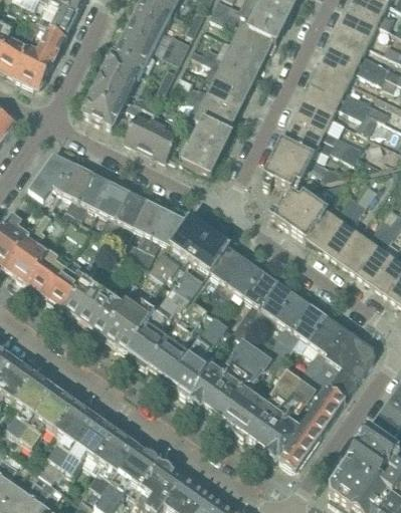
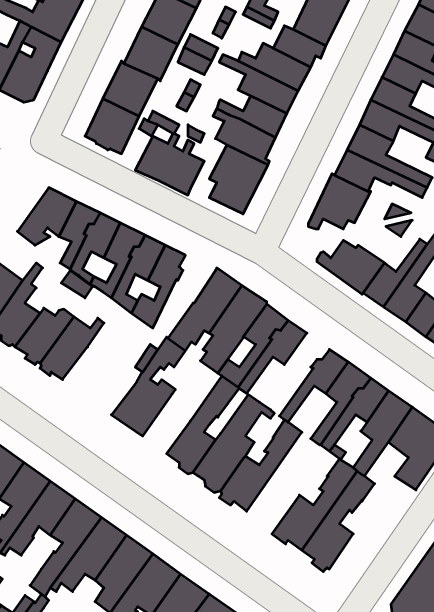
building: [138,207,188,270] -> none
building: [232,269,279,335] -> none
building: [65,280,125,334] -> none
building: [130,289,186,367] -> none
building: [213,348,271,430] -> none
building: [279,356,349,467] -> none

